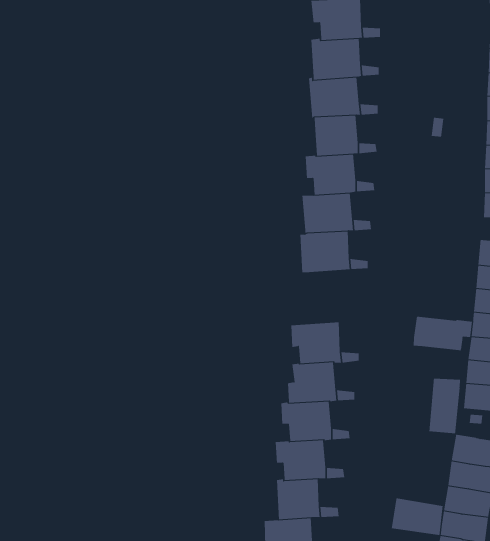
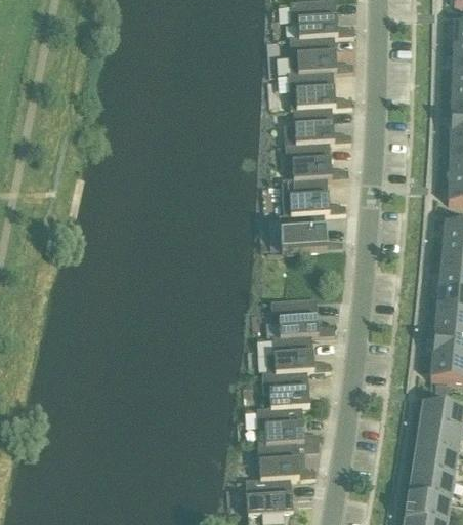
building: [413,316,472,351] -> none
building: [429,378,460,434] -> none
building: [391,497,443,536] -> none

